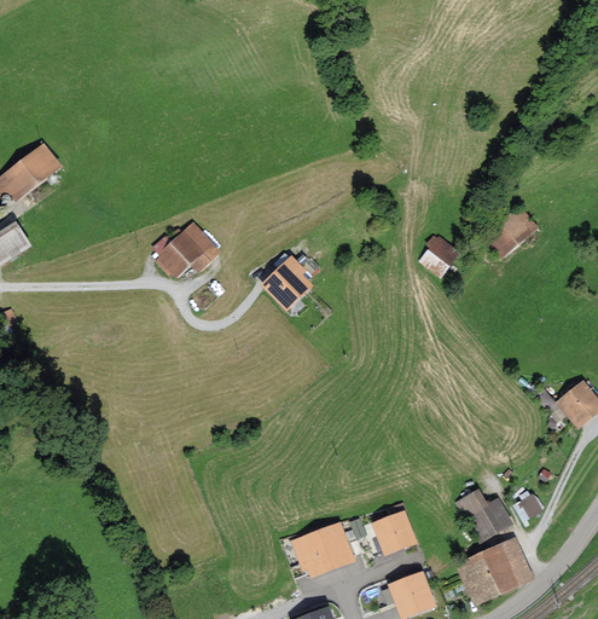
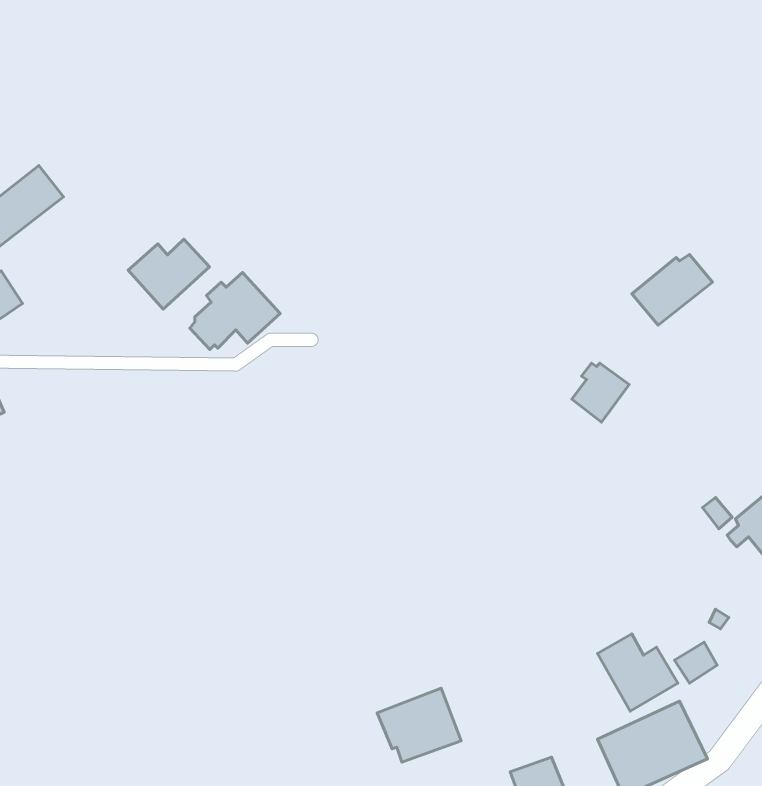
building: none -> [128,239,209,309]
building: [418,235,460,278] -> [572,363,629,422]
building: [261,254,313,310] -> none
building: [373,516,414,559] -> none

